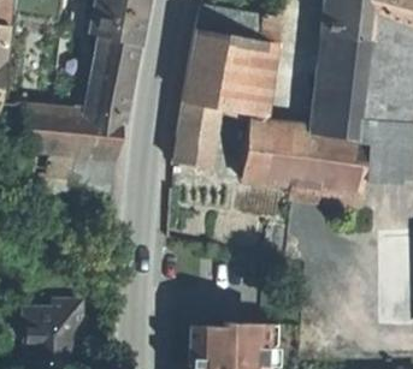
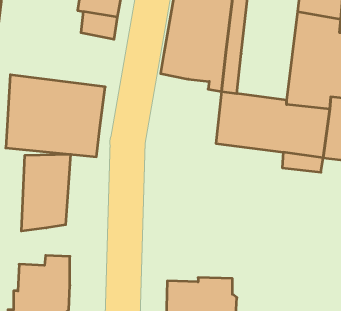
building: [87,56,131,115] -> none
building: [175,101,212,160] -> none
building: none -> [21,154,71,231]

